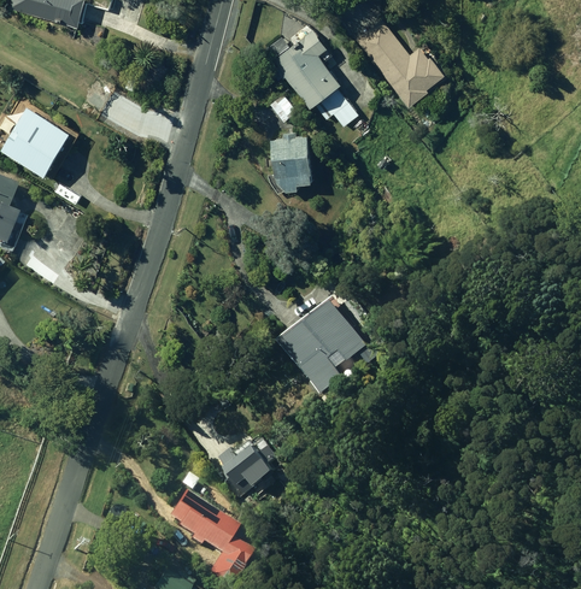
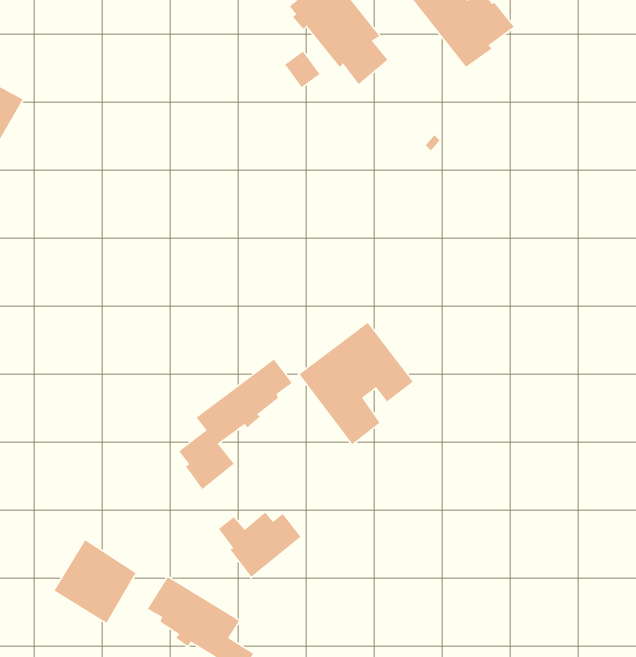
building: [271,130,312,189] -> none
building: none -> [178,358,293,490]
building: none -> [54,539,137,624]

